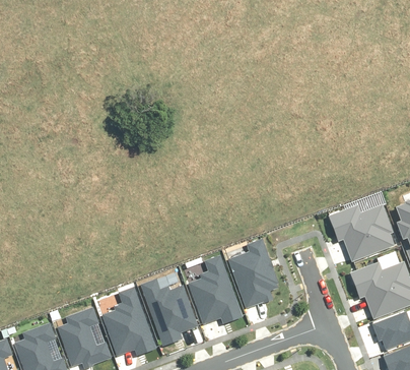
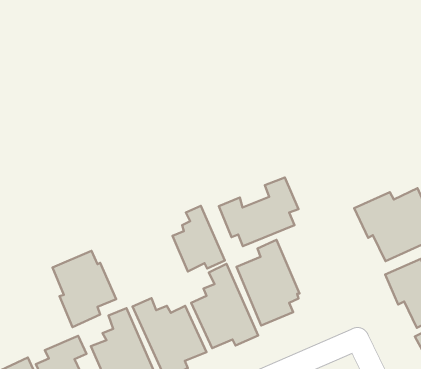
building: none -> [219,177,299,246]
building: none -> [172,206,225,271]
building: none -> [52,251,116,327]

